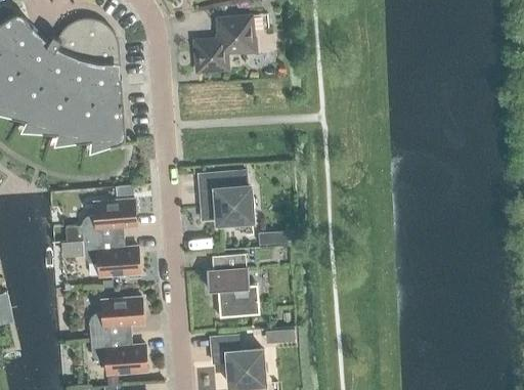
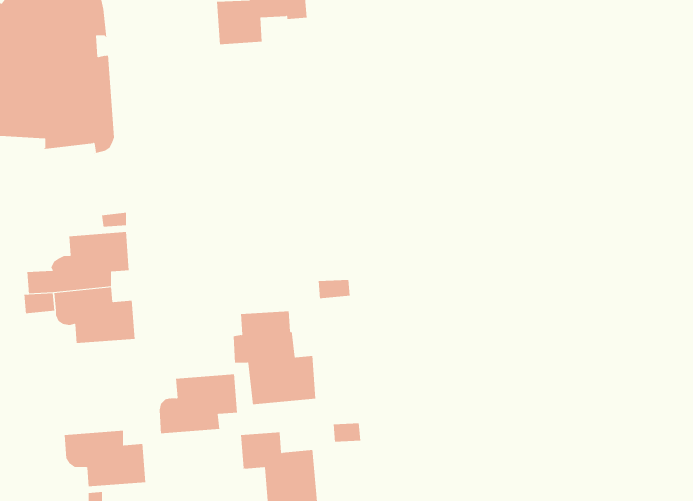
building: [199,172,254,224] -> none
building: [89,298,143,339] -> [159,374,238,434]

